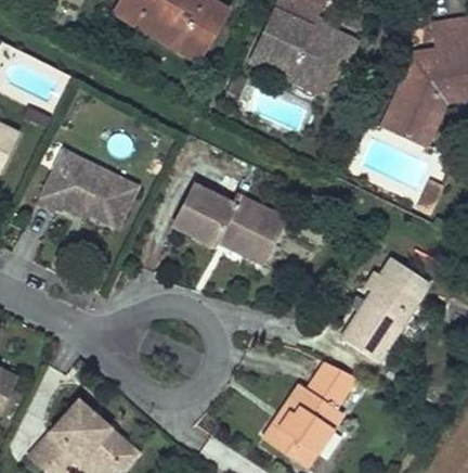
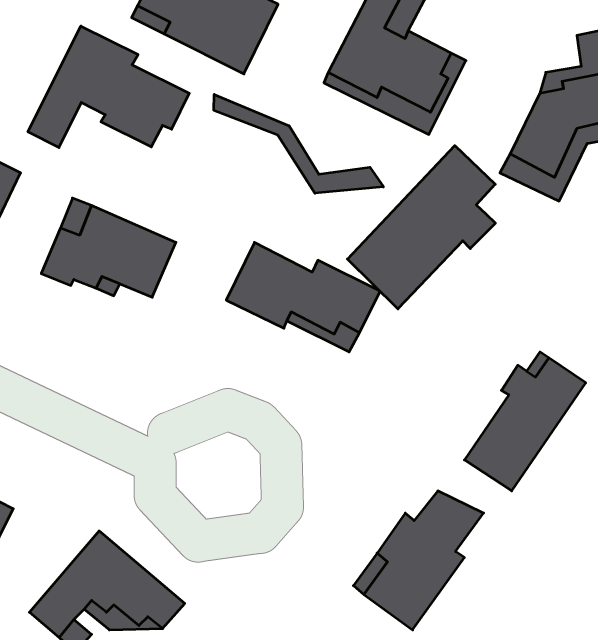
building: none -> [28,26,189,148]
building: none -> [214,94,383,193]
building: none -> [347,146,495,309]

